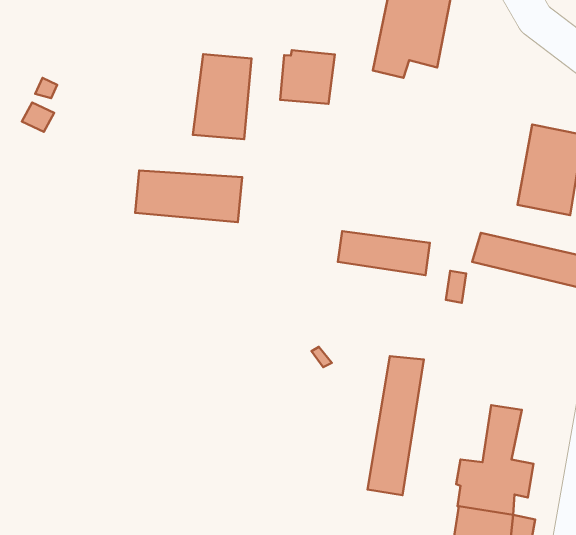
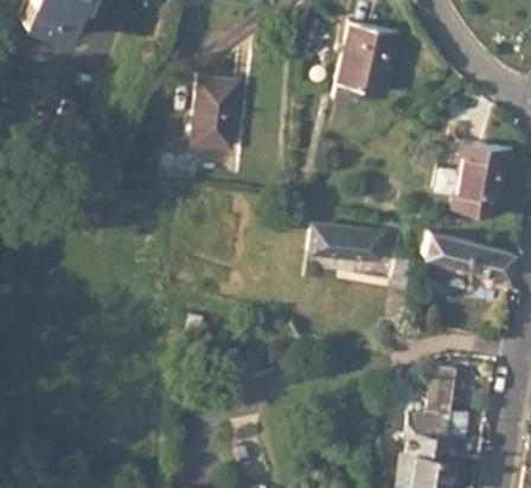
building: [280,50,335,104] -> none
building: [135,170,242,222] -> none
building: [368,356,424,495] -> none

